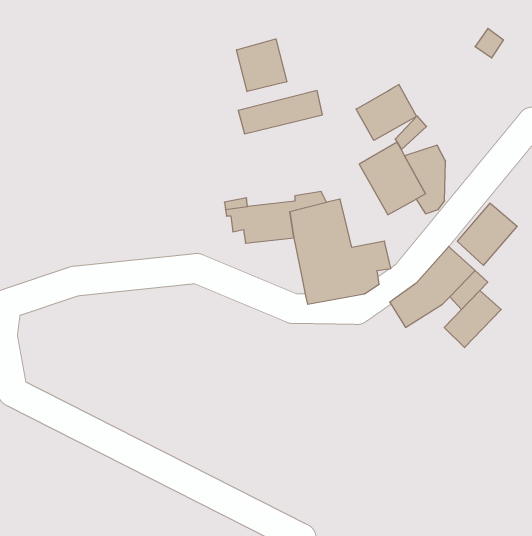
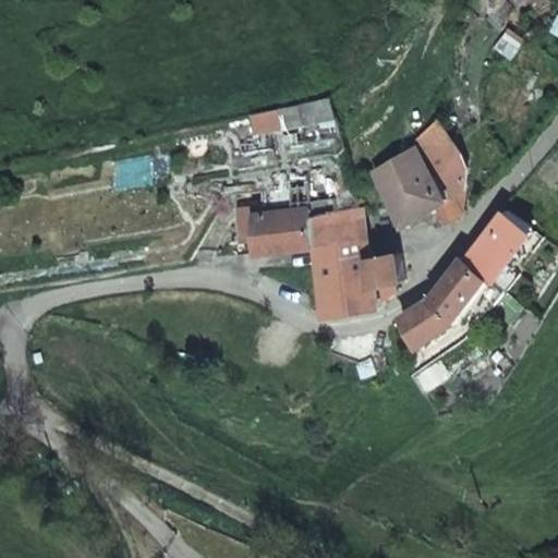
building: [237,39,287,92] -> none
building: [356,84,416,140] -> none
building: [444,291,501,348] -> none

